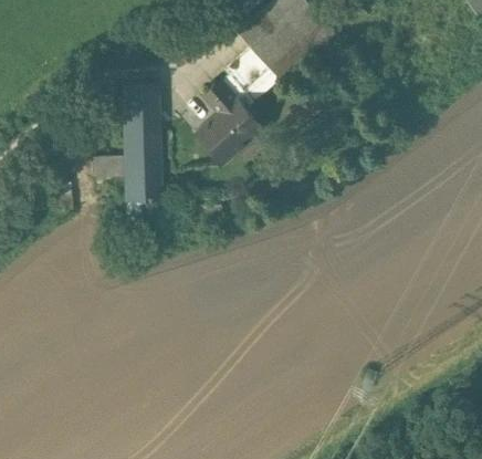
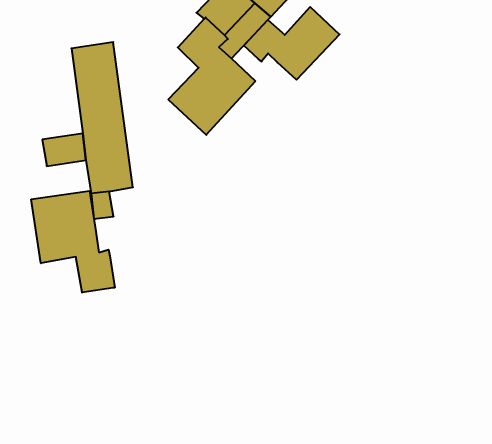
building: none -> [244,7,340,80]
building: none -> [31,191,115,293]

